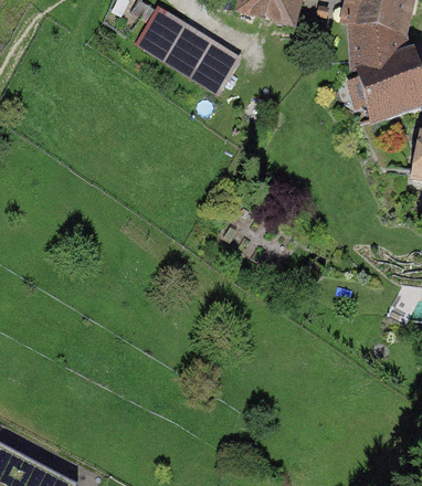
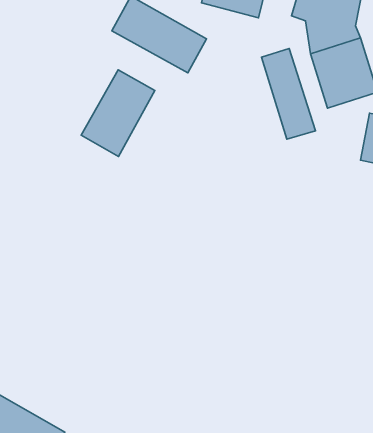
building: none -> [261,49,315,139]
building: none -> [81,70,155,156]

